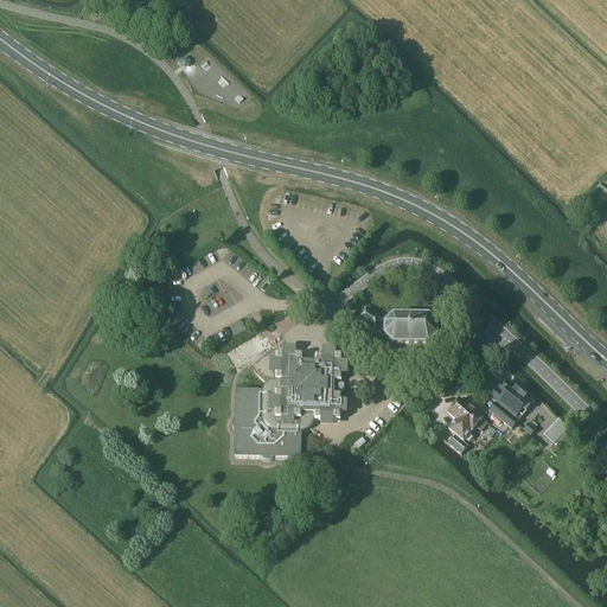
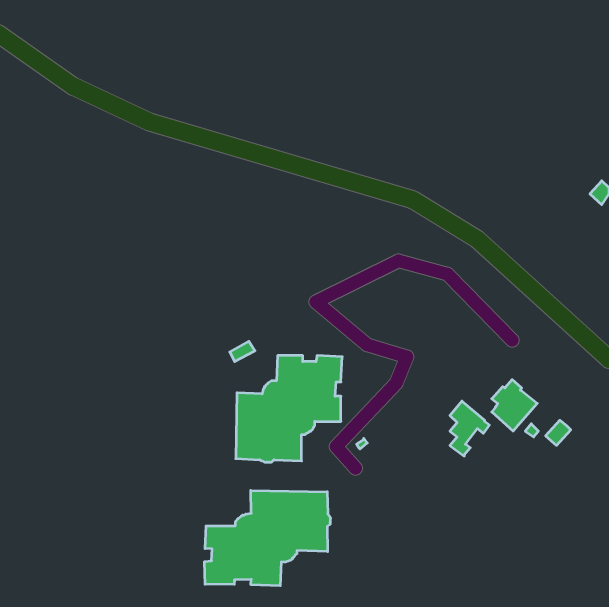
building: [356,306,435,341] -> none
building: none -> [205,490,330,586]

